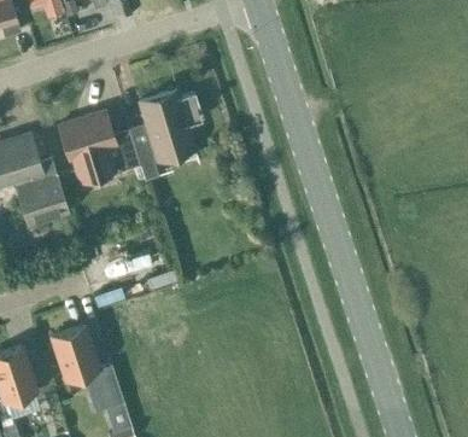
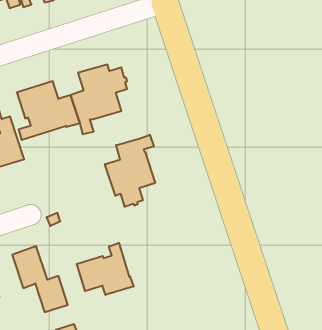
building: none -> [105,135,155,207]
building: none -> [77,243,134,295]

